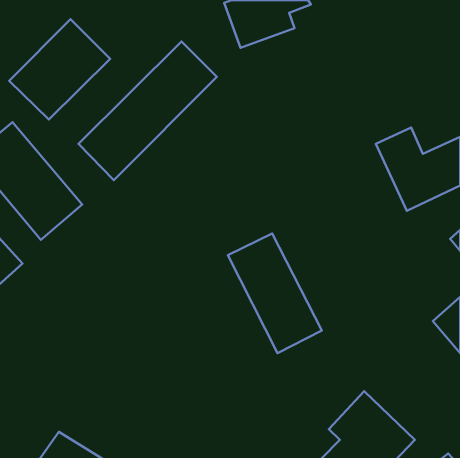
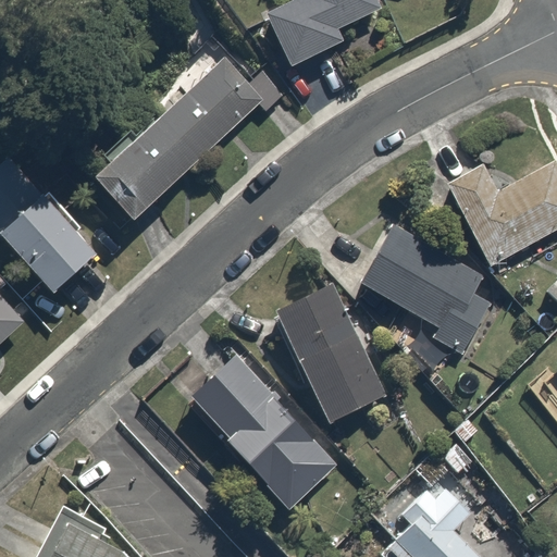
building: [9,19,110,120] -> none
building: none -> [362,226,493,359]
building: none -> [189,349,333,508]

